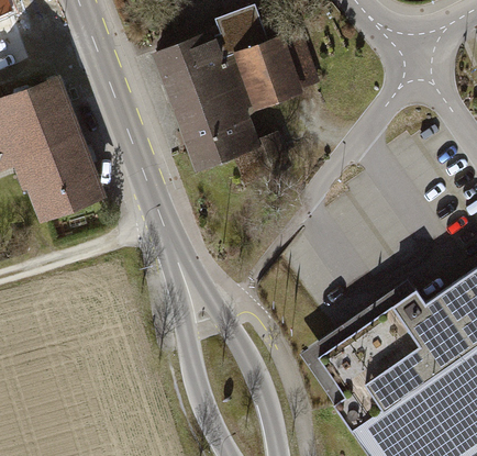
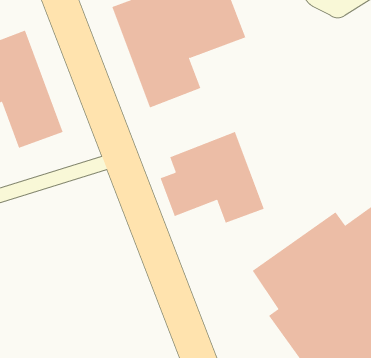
building: none -> [160,131,265,223]

